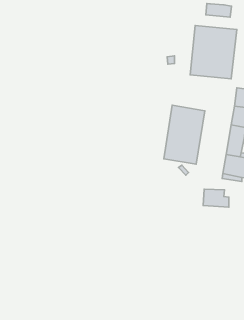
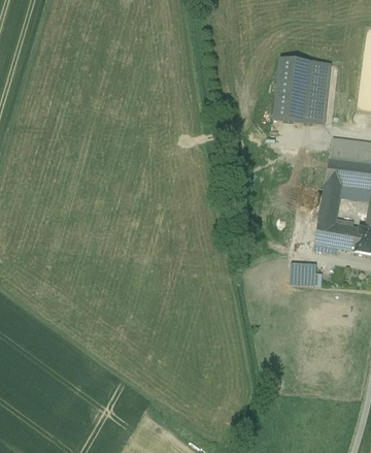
building: [206,4,231,17] -> none
building: [164,105,205,164] -> none

